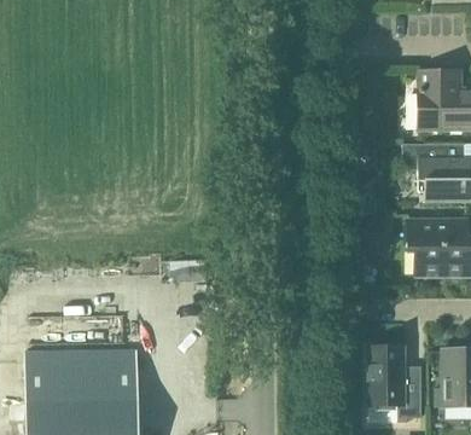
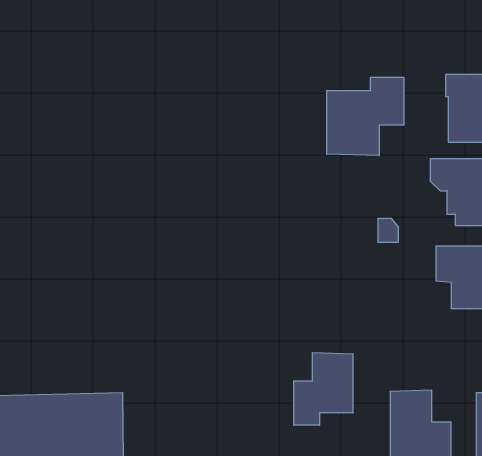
building: none -> [327,77,404,156]
building: none -> [294,353,353,425]

